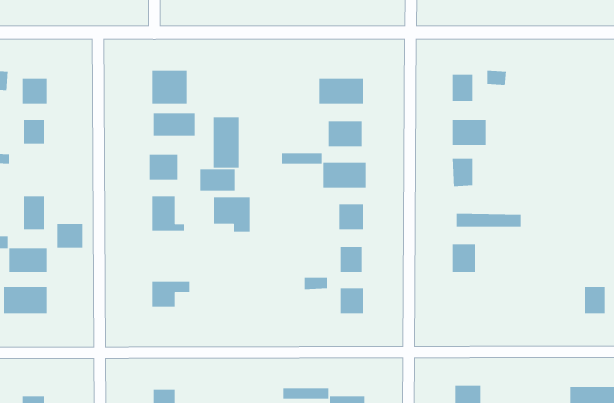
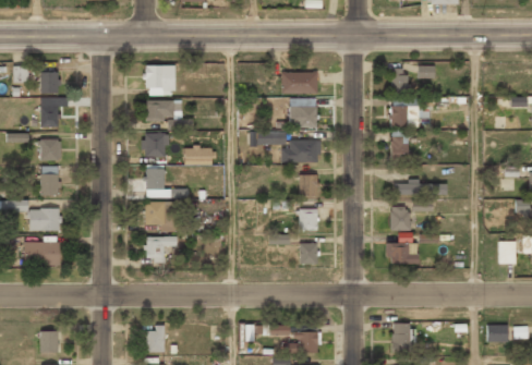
building: [213,116,239,169] -> none
building: [213,196,251,232] -> [144,203,174,232]
building: [56,223,83,248] -> [39,139,61,160]
building: none -> [386,243,416,265]

